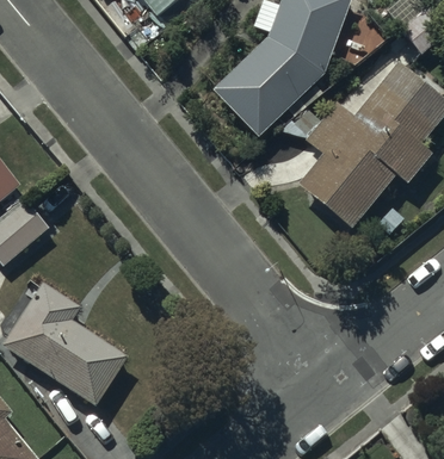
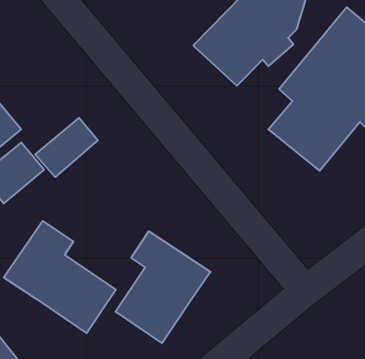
building: none -> [35,118,98,177]
building: none -> [115,231,211,343]

